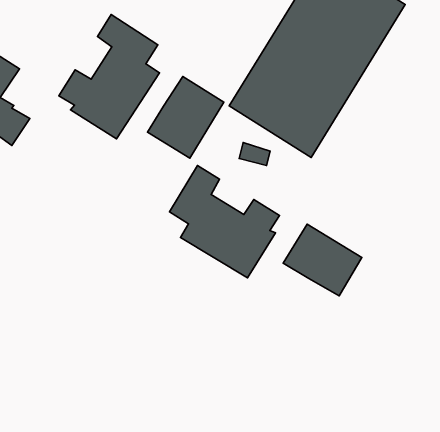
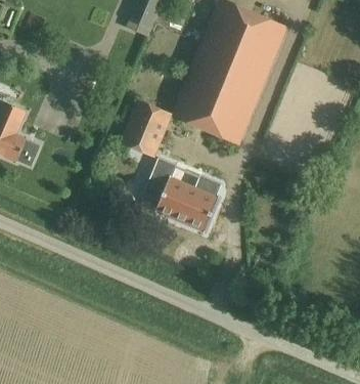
building: [59,14,160,139] -> none
building: [283,224,362,296] -> none

